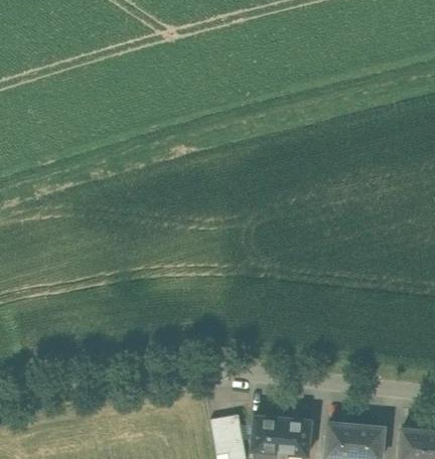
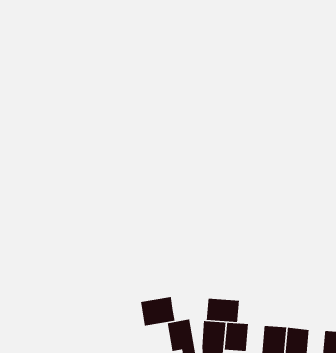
building: none -> [140,296,175,327]
building: none -> [206,298,240,323]

